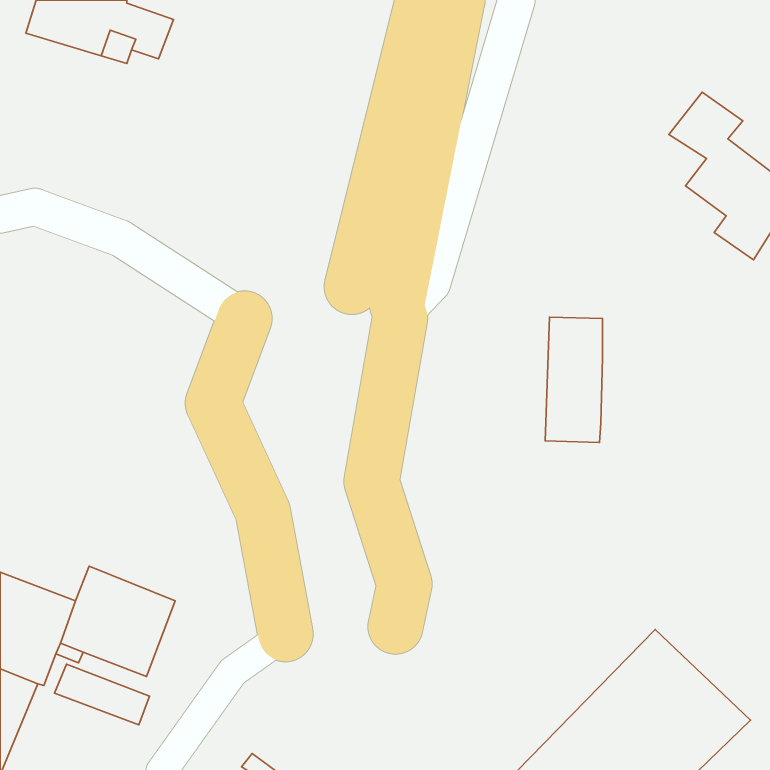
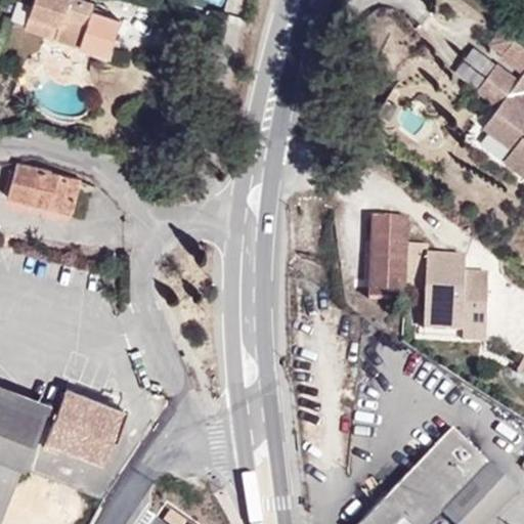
building: none -> [9,164,81,215]
building: none -> [408,244,489,342]

